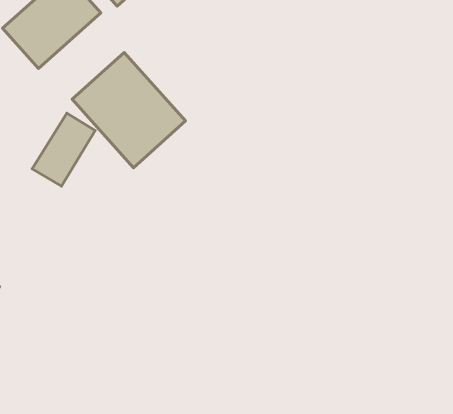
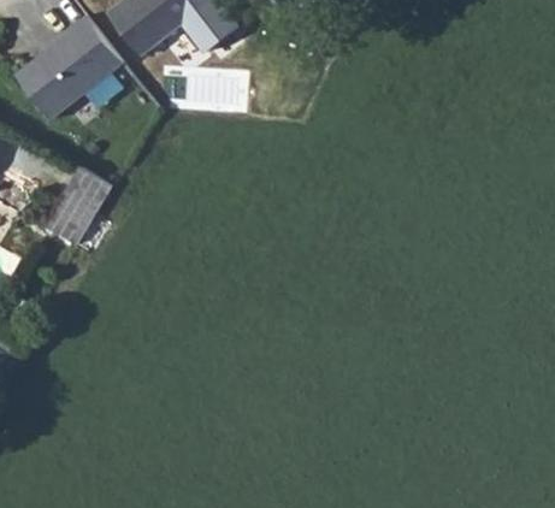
building: [72,52,186,168] -> none

